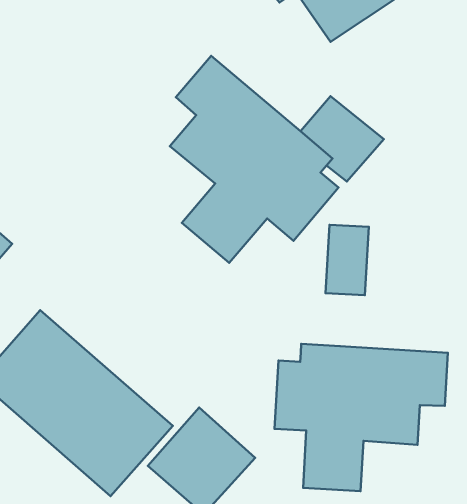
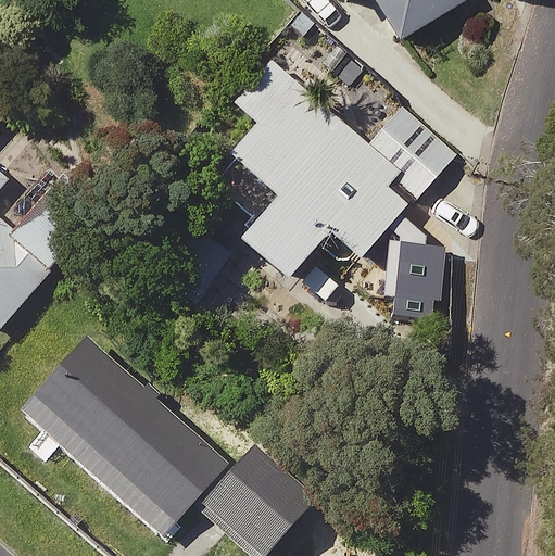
building: [275,344,448,491] -> none

